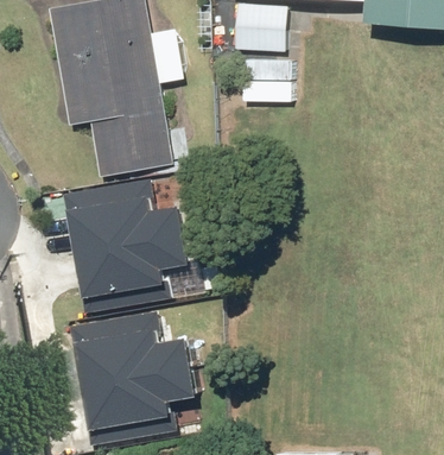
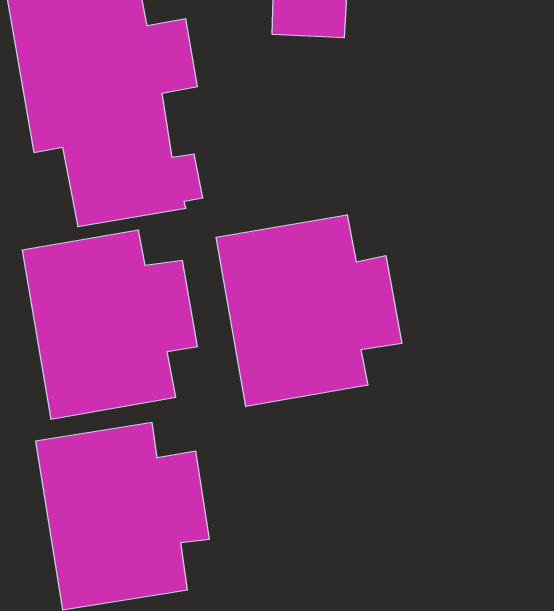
building: none -> [216,215,402,407]

